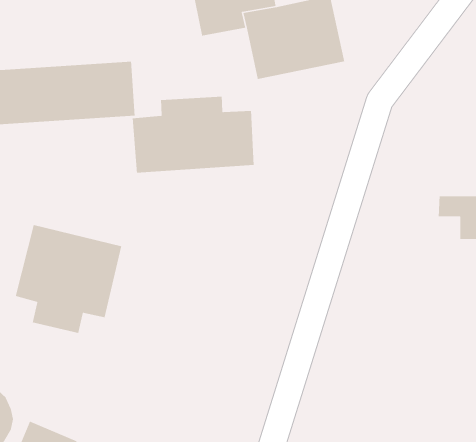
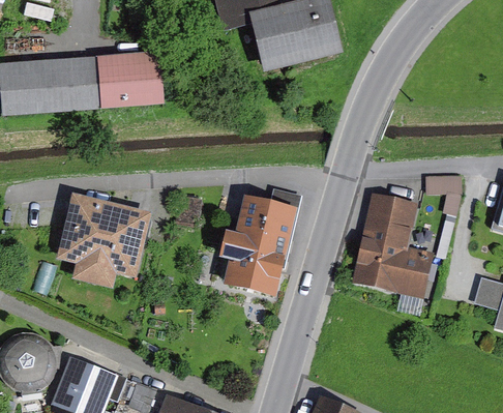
building: [132,96,255,173] -> none
building: none -> [354,194,434,295]
building: none -> [229,198,297,292]

